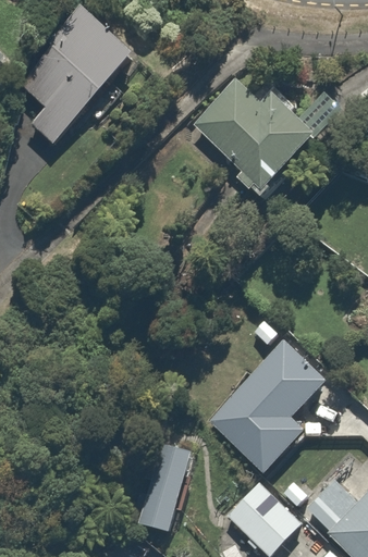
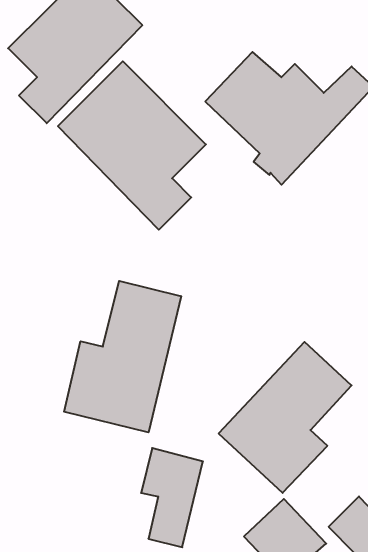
building: none -> [58,61,206,230]
building: none -> [64,281,181,432]

